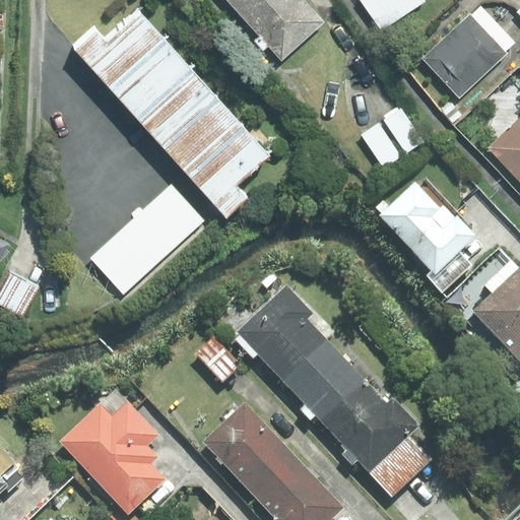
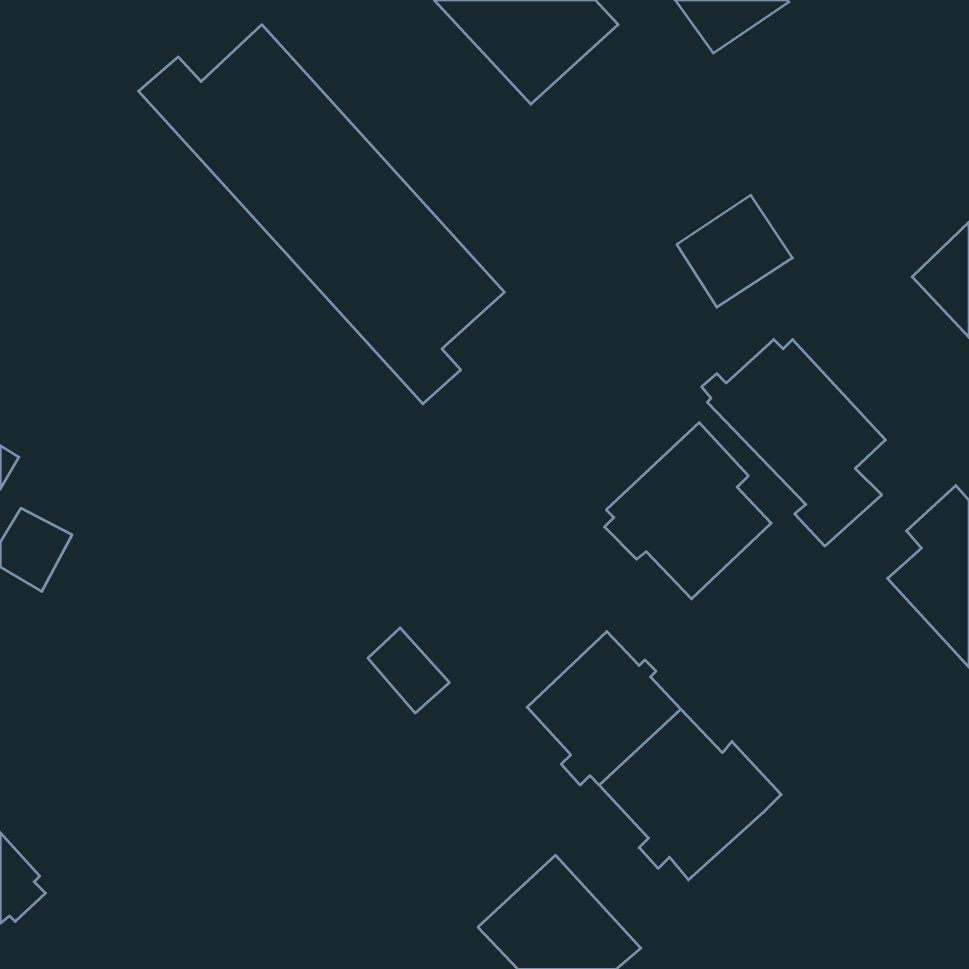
building: [422,5,515,98] -> none
building: [91,186,203,294] -> none
building: [236,284,325,379] -> [604,423,771,599]
building: [60,389,166,513] -> none
building: [204,403,298,497] -> none
building: [369,435,432,496] -> none

